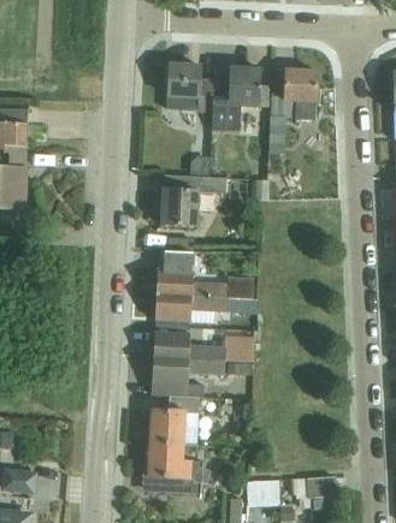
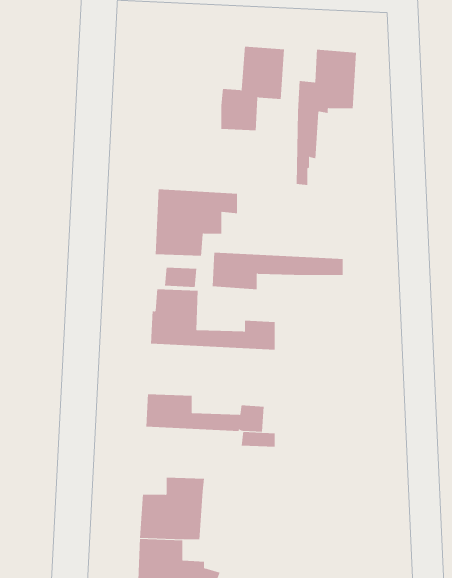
building: [166,63,213,111] -> none
building: [156,293,258,322] -> [212,252,343,290]
building: [153,357,226,397] -> none

